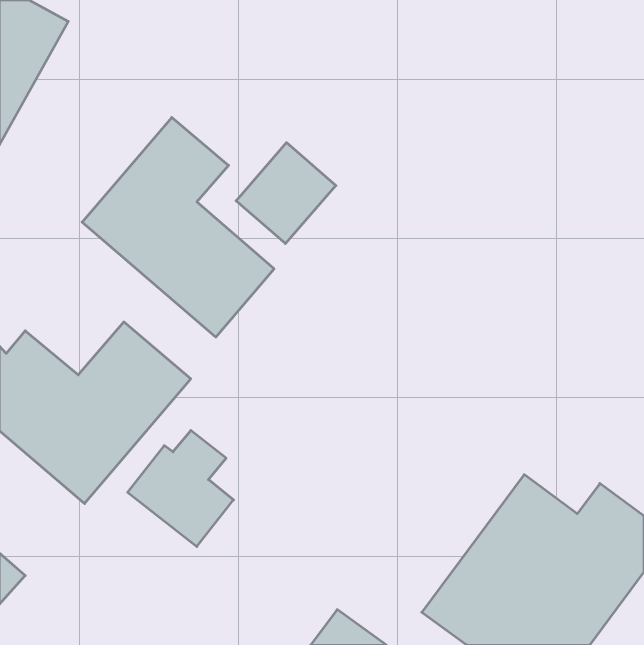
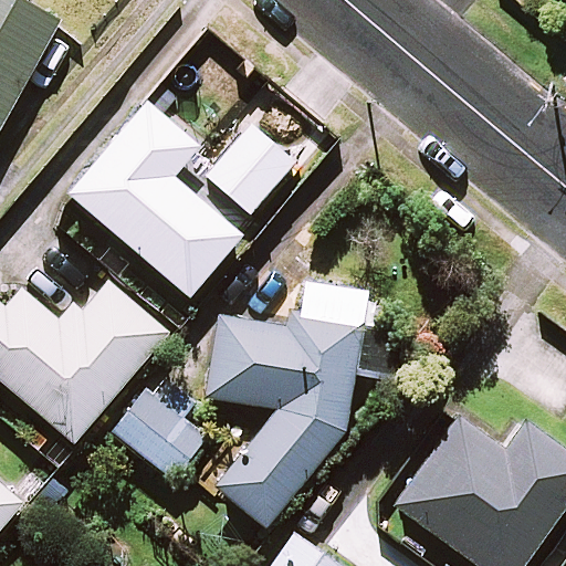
building: none -> [206,280,392,523]

